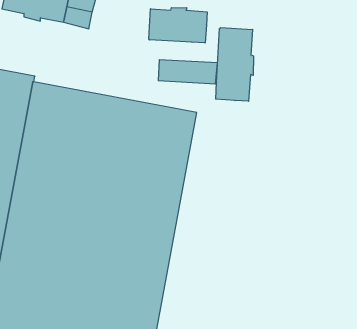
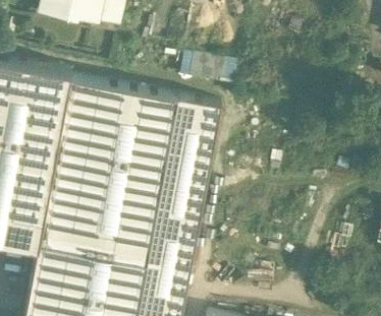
building: [149,8,207,43] -> none
building: [216,28,254,101] -> none

